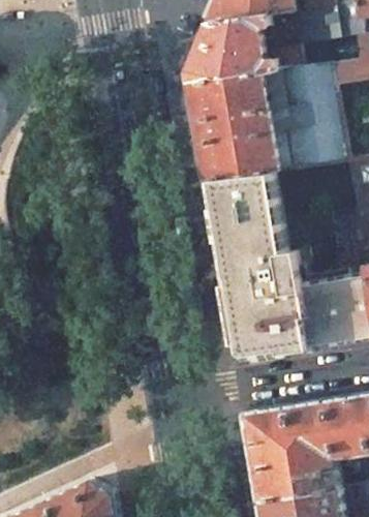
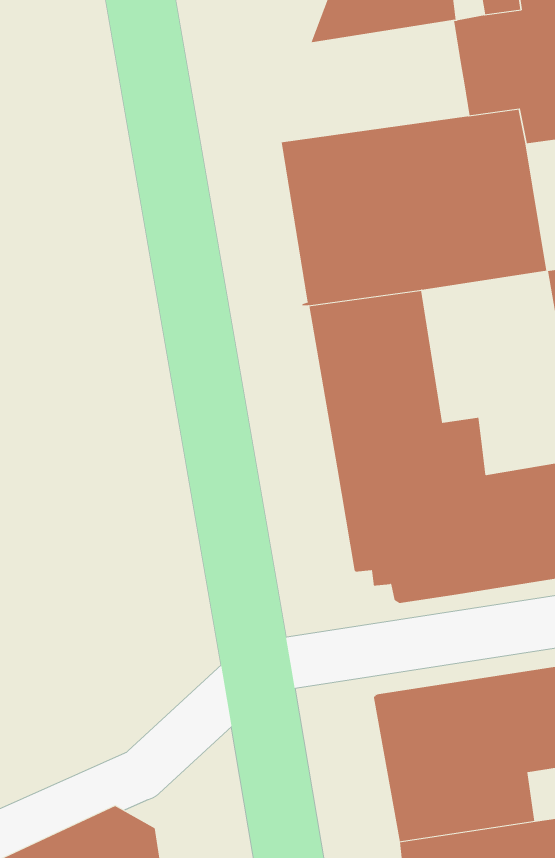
building: [183,13,297,86] -> none

